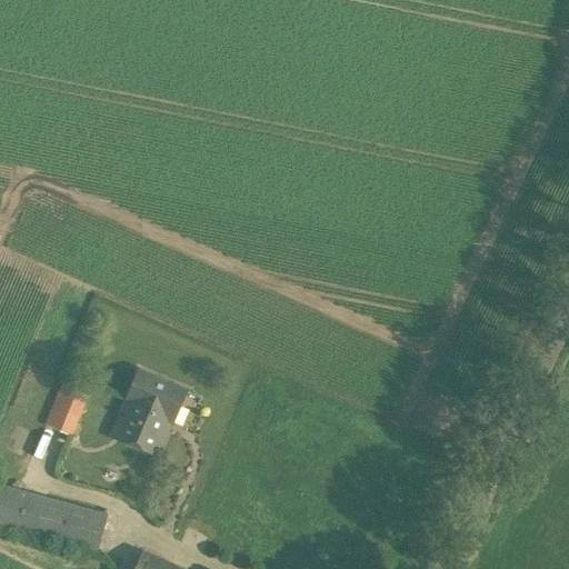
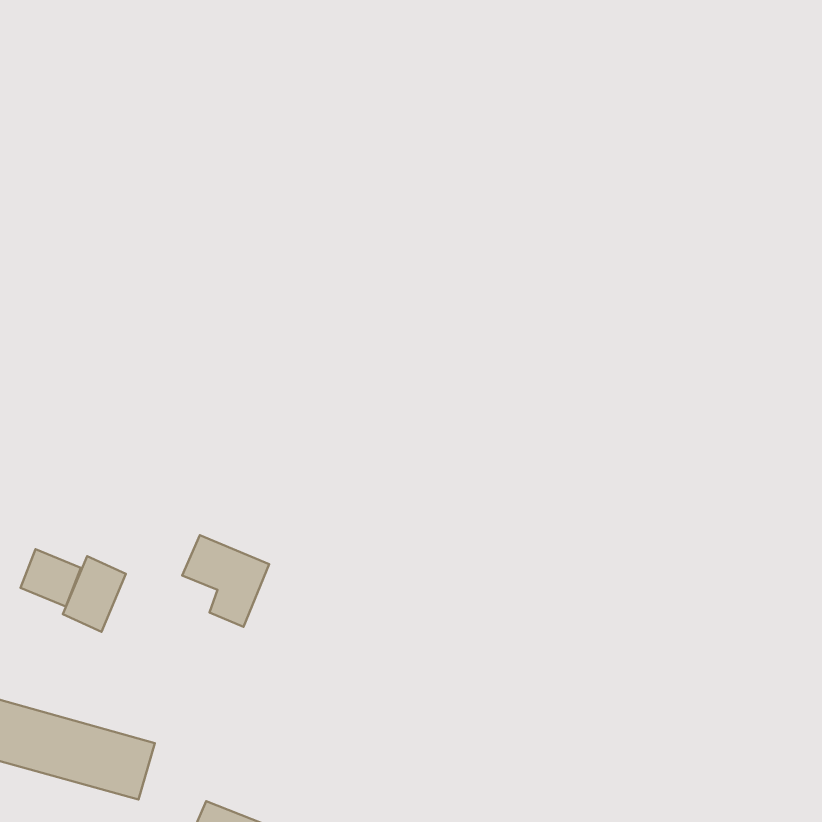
building: none -> [21,549,81,607]
building: [110,398,168,456] -> none

